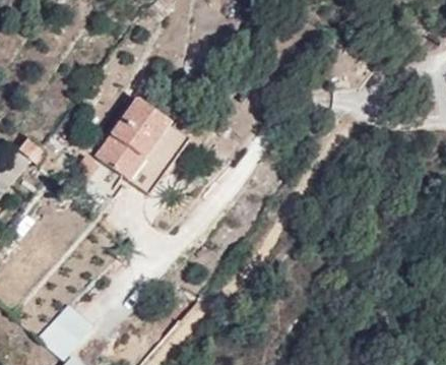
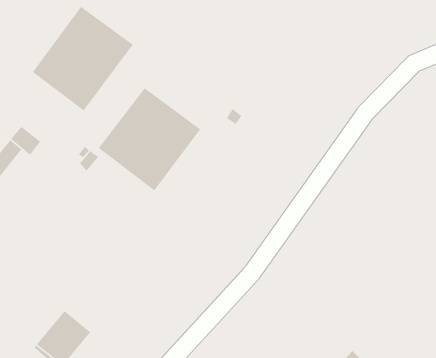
building: none -> [32,6,134,112]

